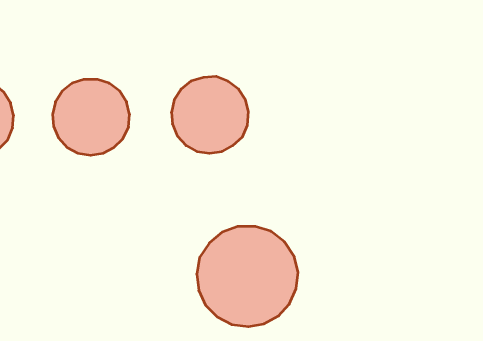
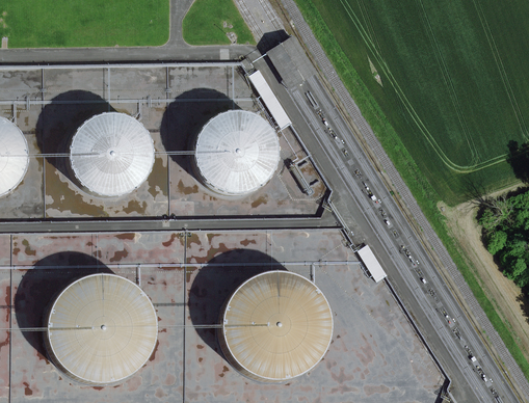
building: none -> [47,274,155,381]

